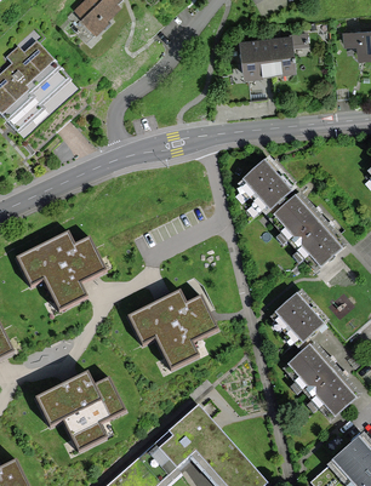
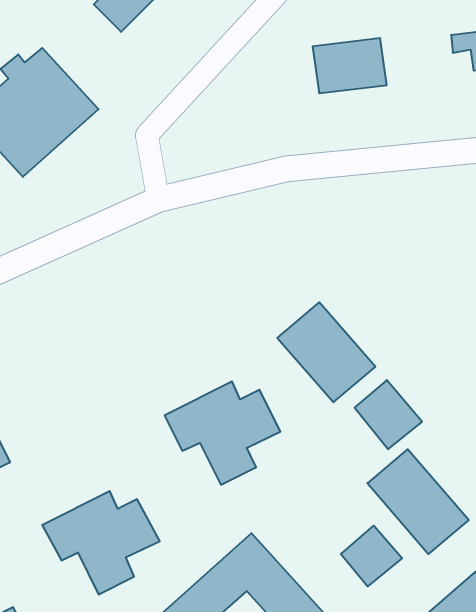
building: [239,158,297,215] -> none
building: [270,193,344,268] -> [277,302,375,402]
building: [17,231,104,309] -> none
building: none -> [341,526,402,586]

